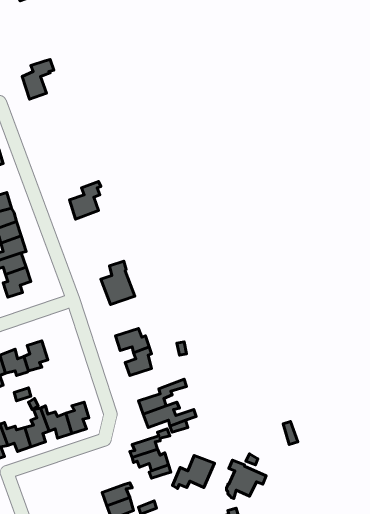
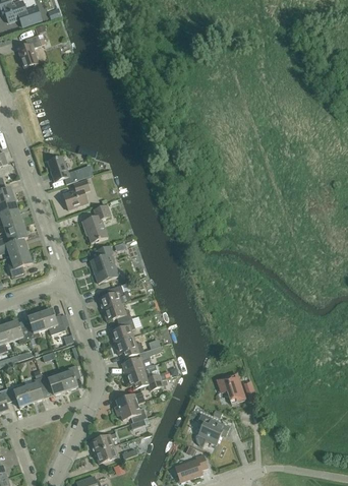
building: [22,59,54,99] -> [17,34,44,67]
building: none -> [47,156,77,183]
building: none -> [81,203,111,242]
building: none -> [99,283,129,308]
building: none -> [40,308,67,333]
building: none -> [114,336,143,357]
building: none -> [217,372,244,401]
building: [173,455,214,488] -> none

